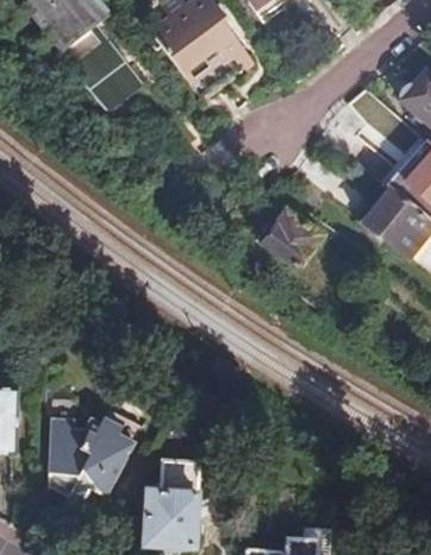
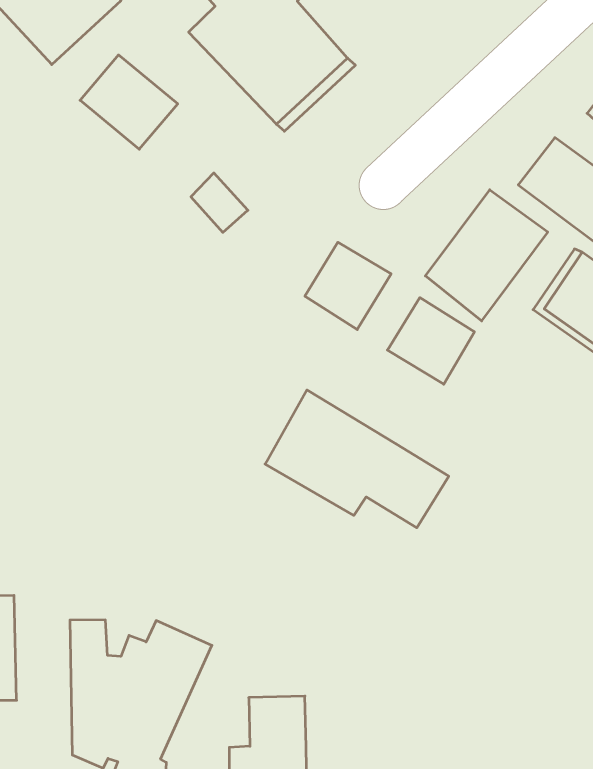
building: none -> [425,190,548,321]
building: none -> [305,242,391,330]
building: none -> [265,390,449,528]

